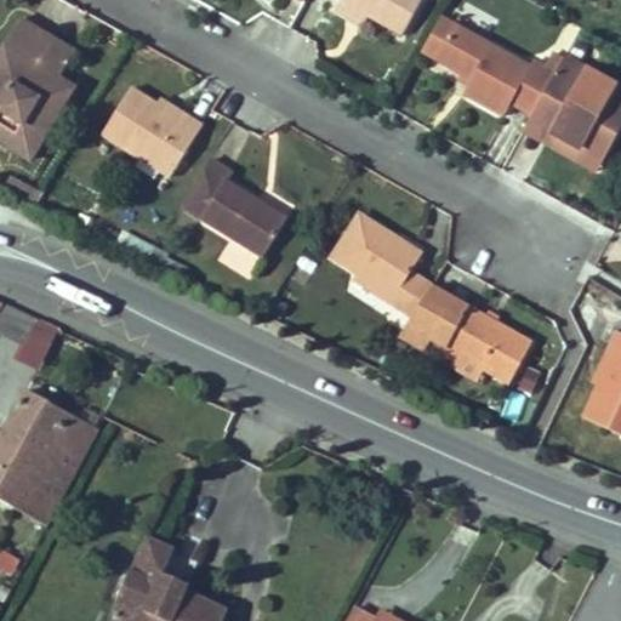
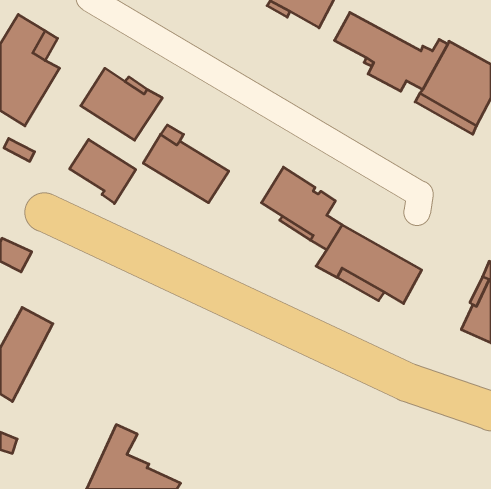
building: none -> [70,139,136,204]
building: [16,409,98,524] -> none

